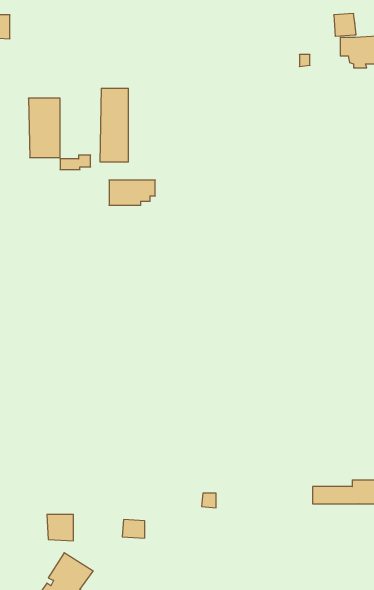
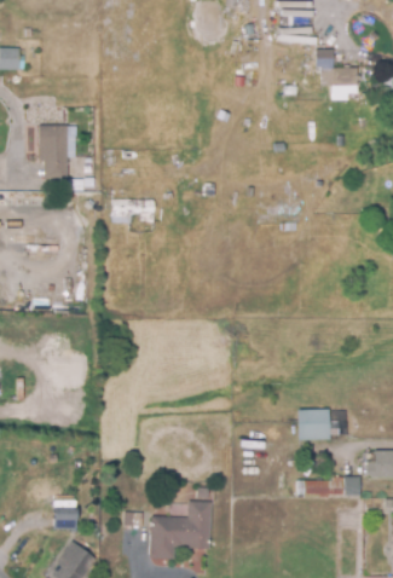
building: [100,88,128,162] -> none
building: none -> [297,408,330,440]
building: none -> [150,501,213,560]

